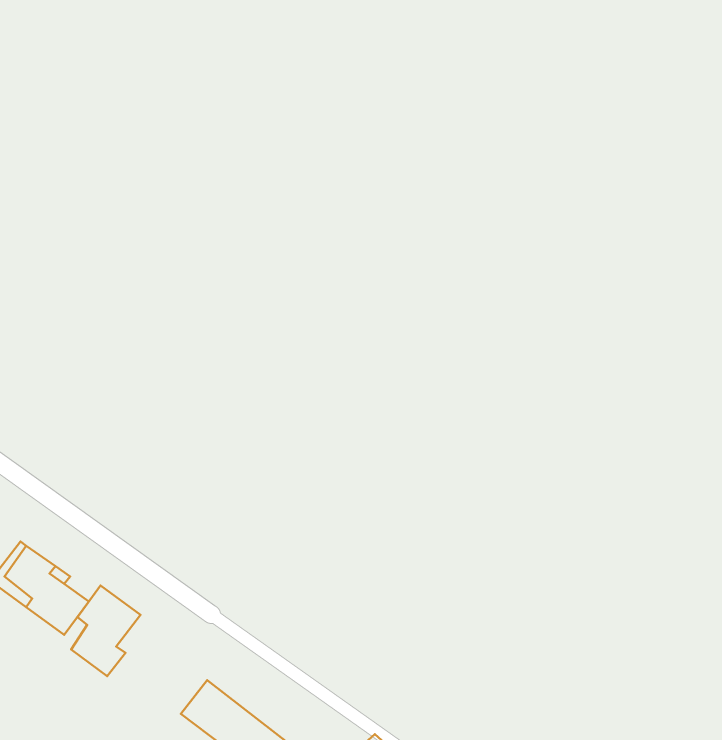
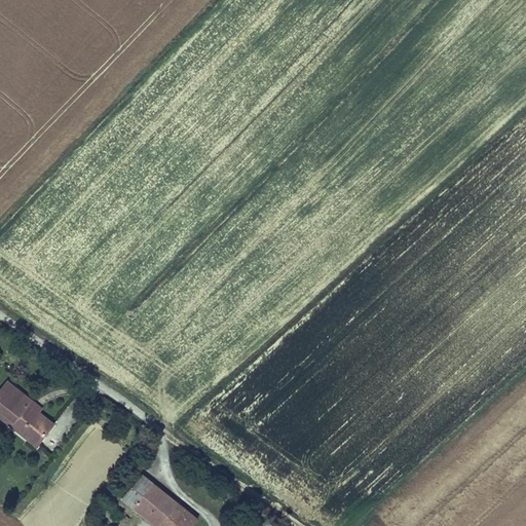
building: [71,586,141,676] -> none

